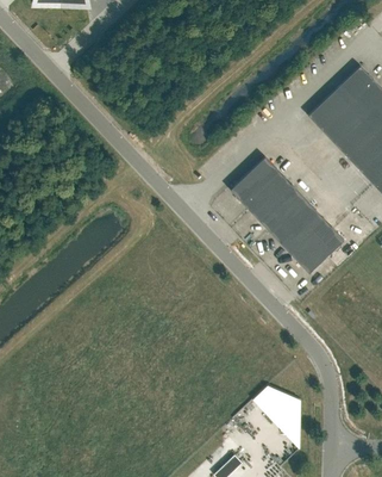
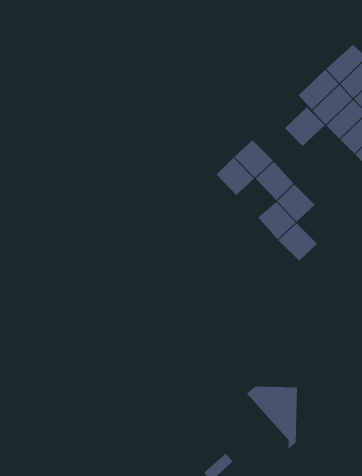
building: none -> [284,107,325,147]
building: [249,194,287,231] -> none
building: [306,219,343,256] -> none

